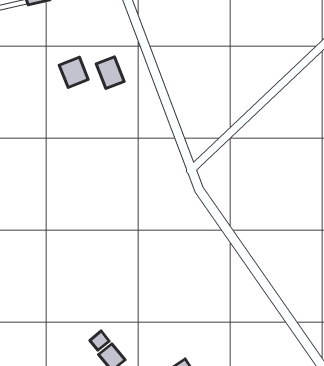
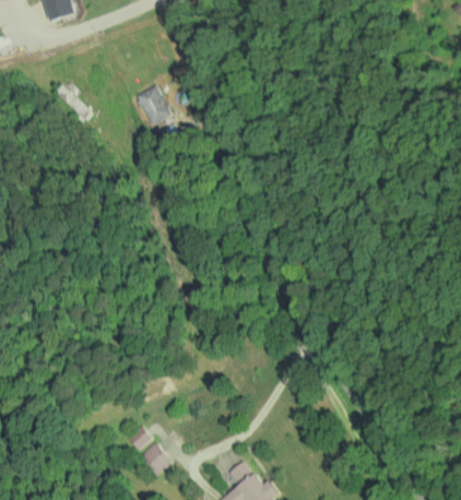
building: [59,57,88,88] -> none

